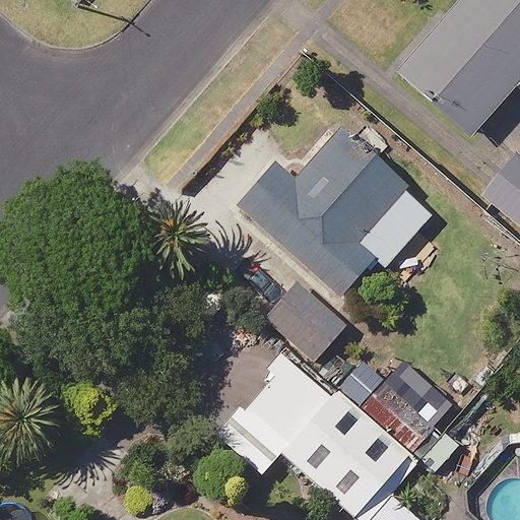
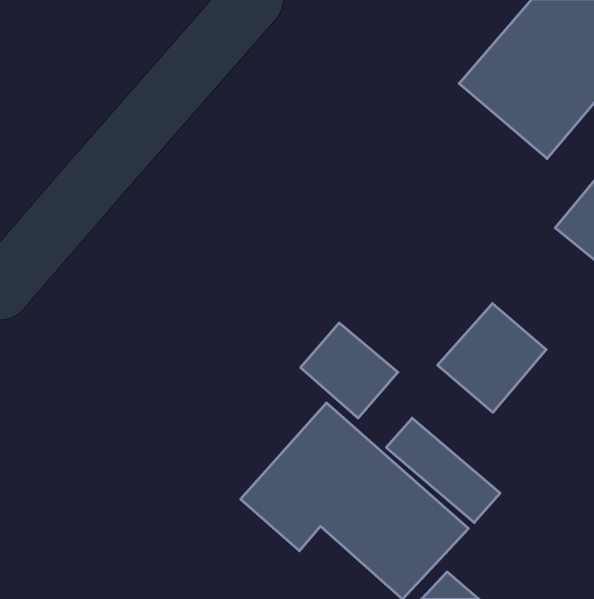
building: [236,126,407,298] -> none
building: none -> [438,303,546,412]

